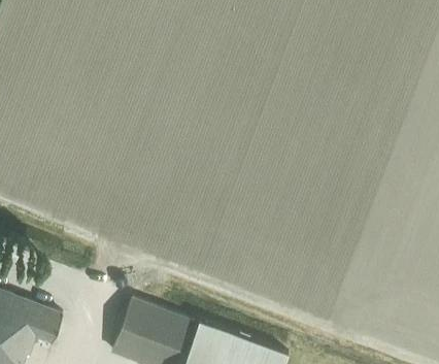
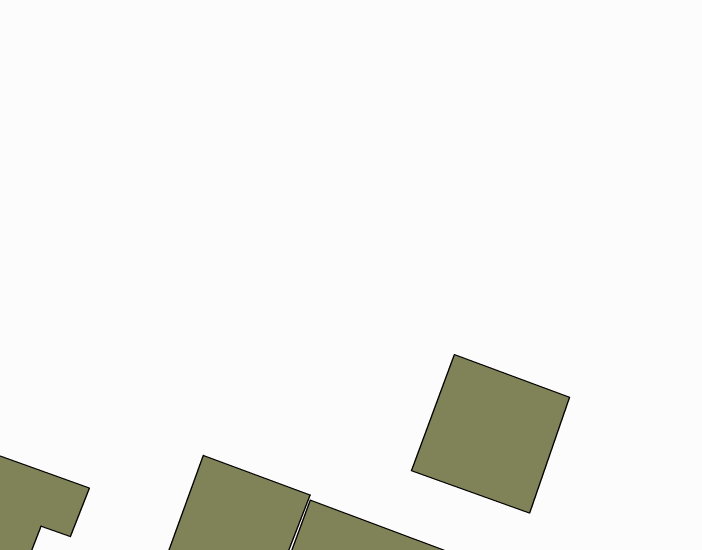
building: none -> [412,355,569,513]

